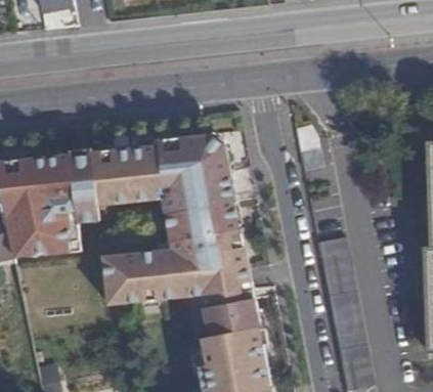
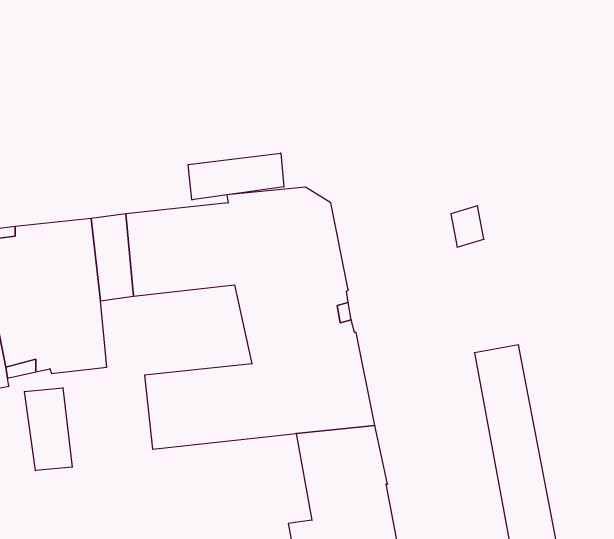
building: none -> [188,153,284,200]
building: none -> [25,388,72,471]

